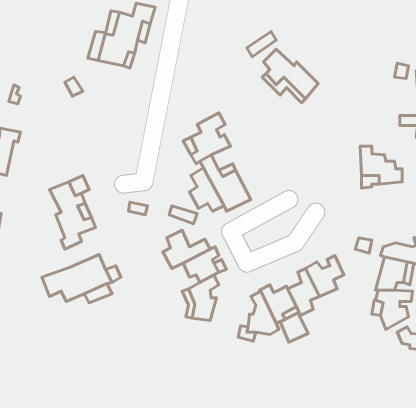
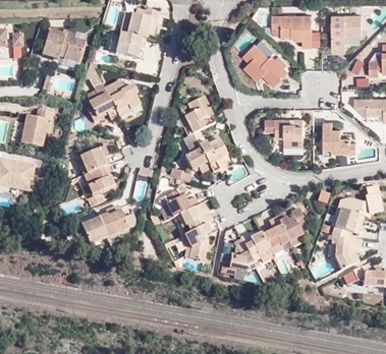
building: none -> [272,17,312,49]
building: none -> [332,18,362,48]
building: none -> [42,30,84,62]
building: none -> [85,81,137,125]
building: none -> [263,120,301,149]

